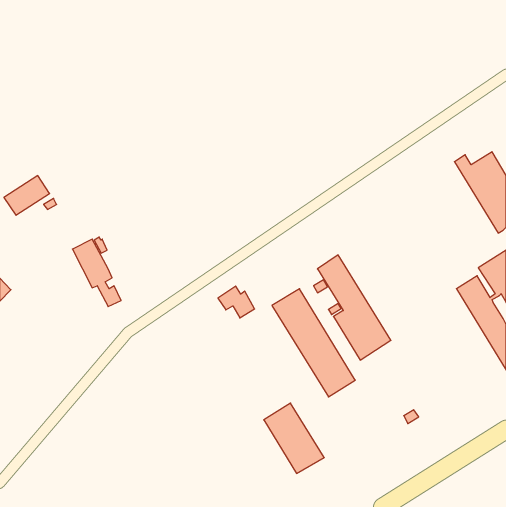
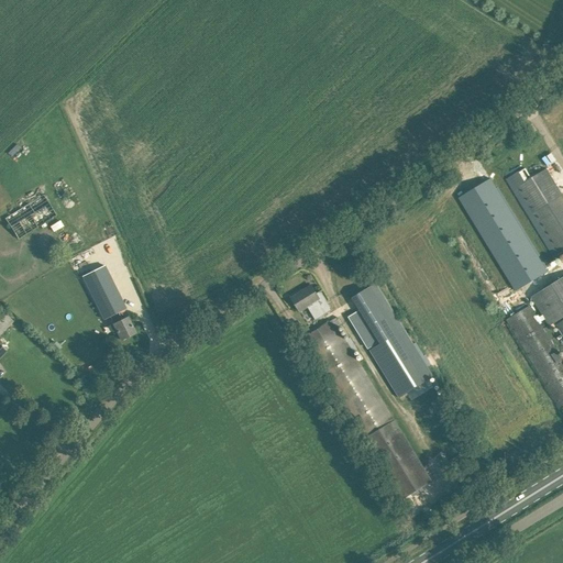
building: none -> [457,179,547,291]
building: [218,286,255,318] -> [290,285,331,320]
building: [264,403,324,473] -> [364,421,431,499]

